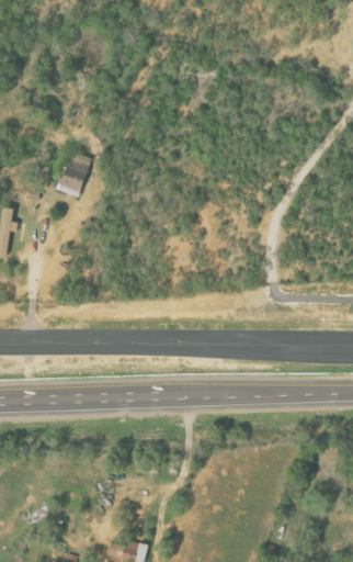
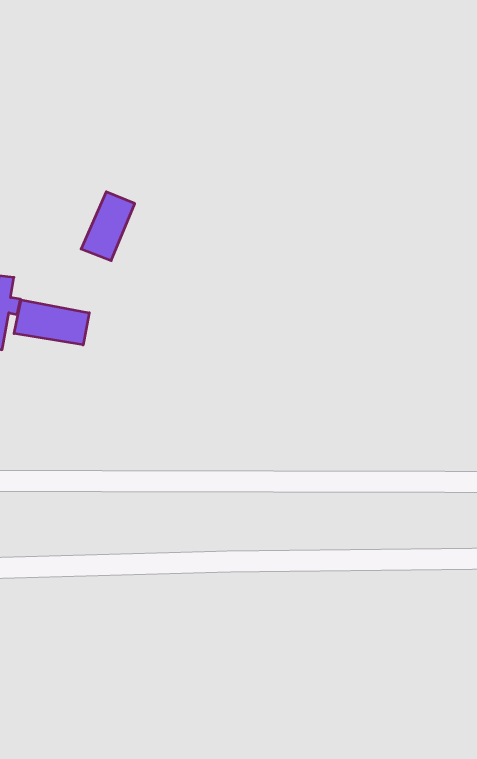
building: none -> [14,300,89,345]

